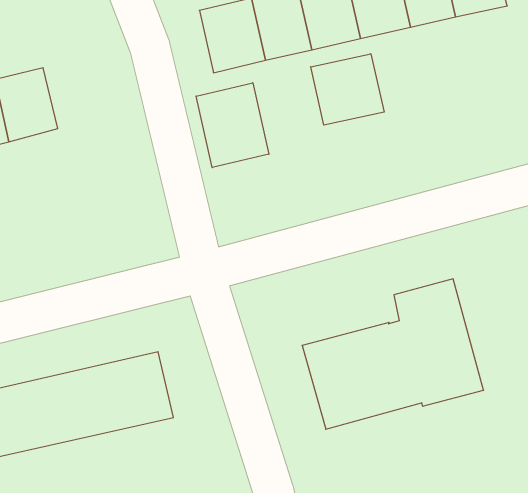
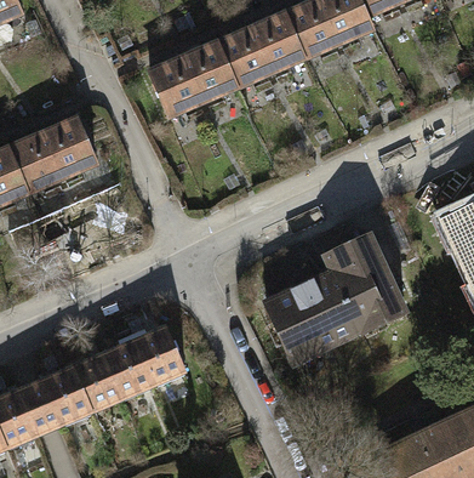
building: [311,54,384,125] -> none
building: none -> [42,118,97,176]
building: [196,83,269,168] -> none

